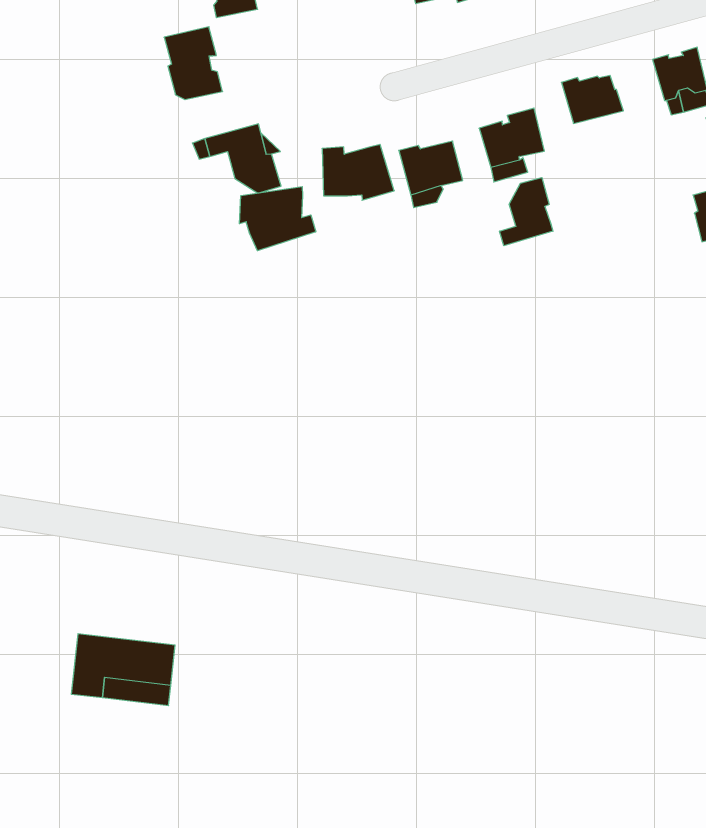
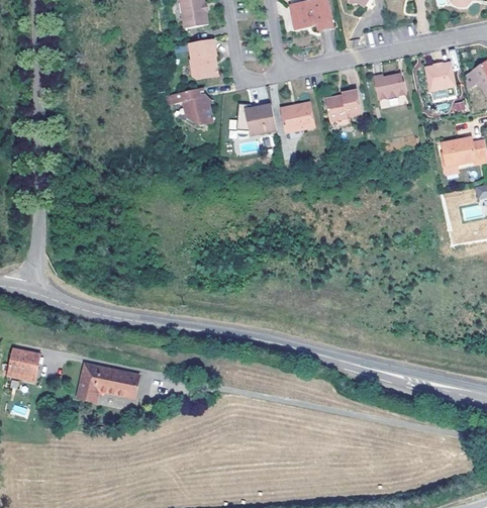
building: [164,27,223,100] -> [188,37,218,77]
building: [500,178,553,246] -> none
building: [239,187,316,251] -> none

